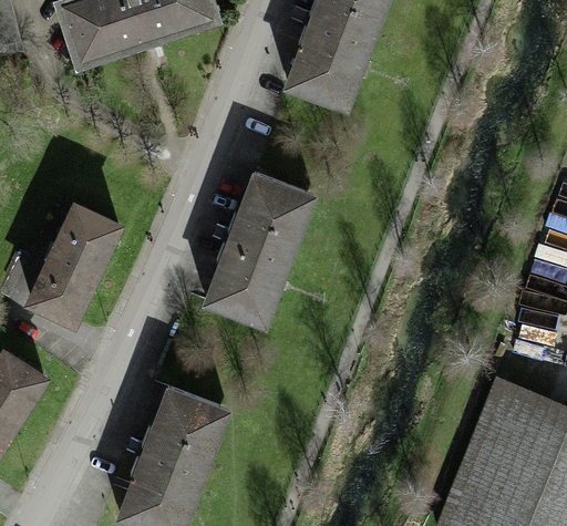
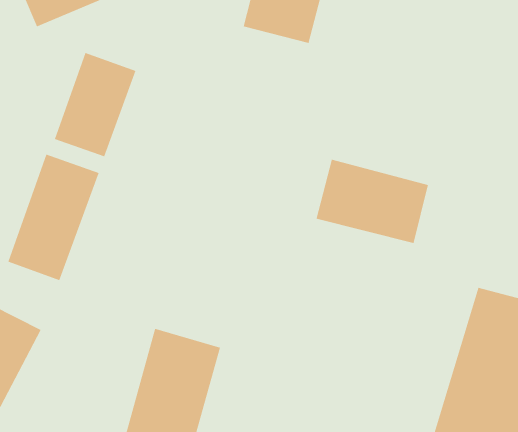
building: none -> [54,52,136,157]
building: [202,172,317,330] -> none
building: none -> [316,159,429,244]

